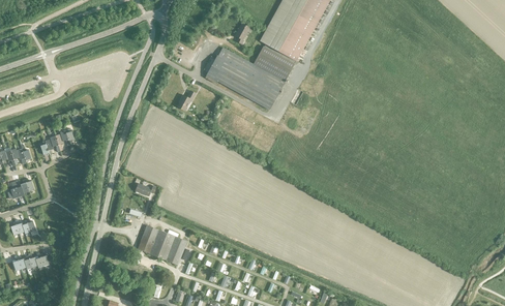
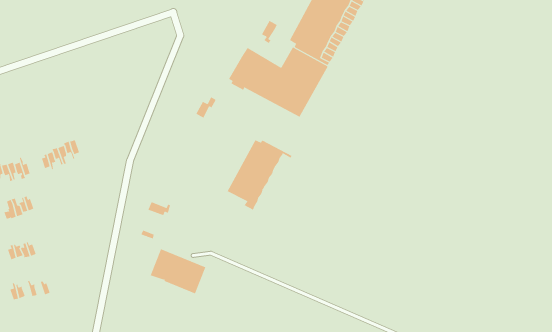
building: none -> [227,139,292,210]

